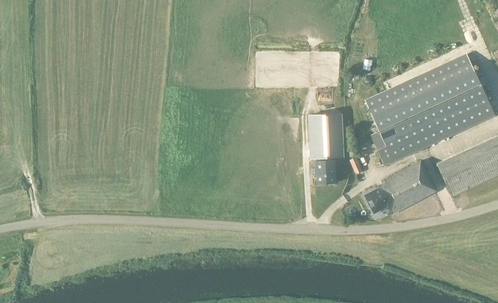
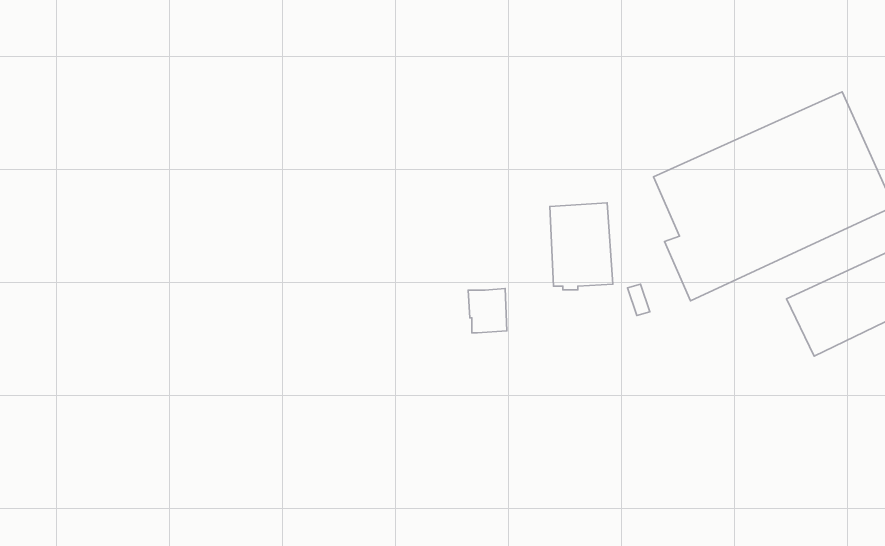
building: [315,159,336,183] -> [468,288,507,333]
building: [365,160,436,213] -> none

